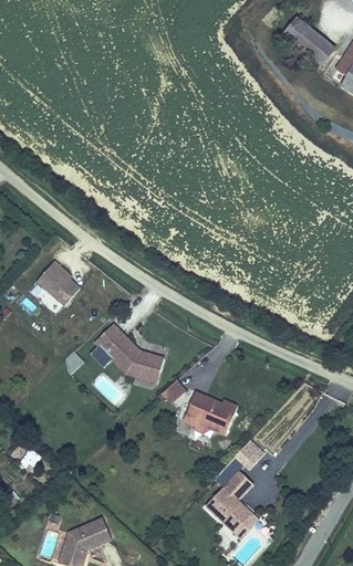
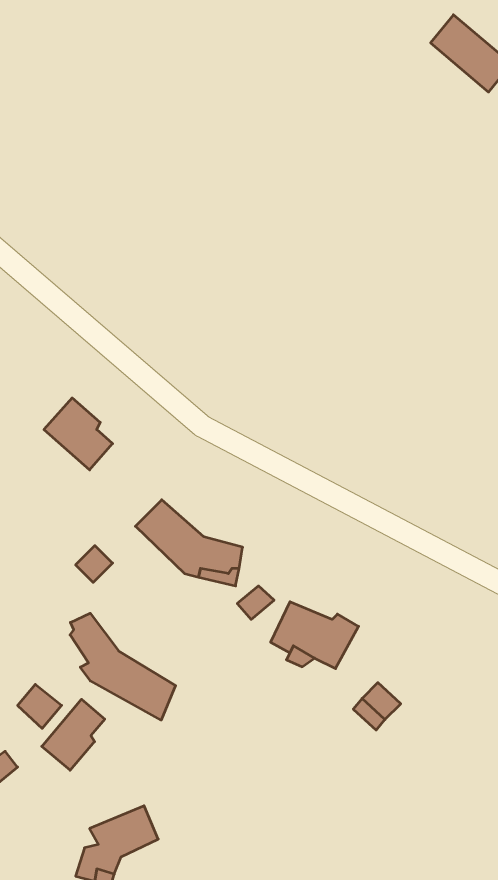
building: none -> [70,613,176,720]
building: none -> [42,699,105,770]
building: [205,470,253,534] -> none

